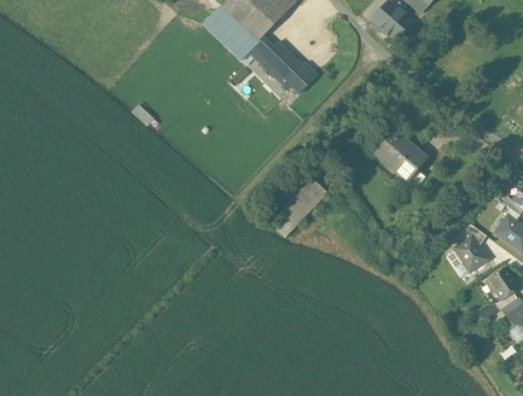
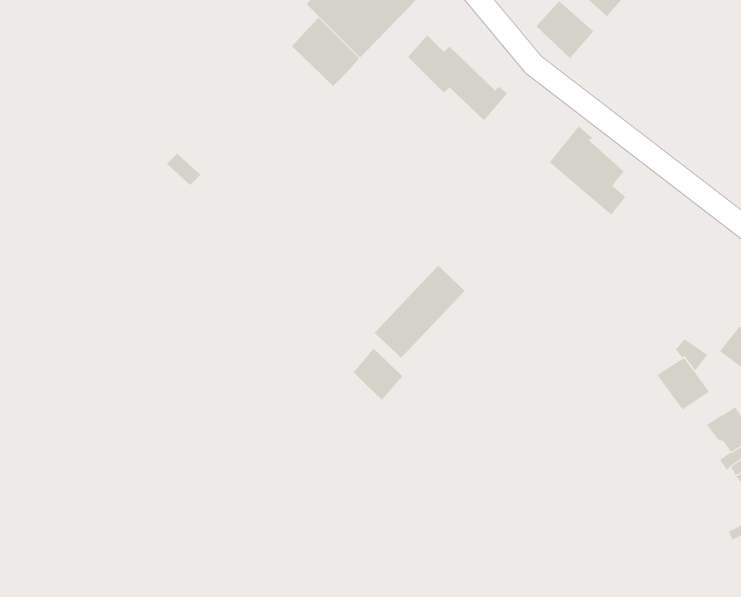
building: [249,35,315,92] -> [407,35,508,121]
building: [374,128,426,187] -> [549,125,628,215]
building: none -> [352,348,403,400]

